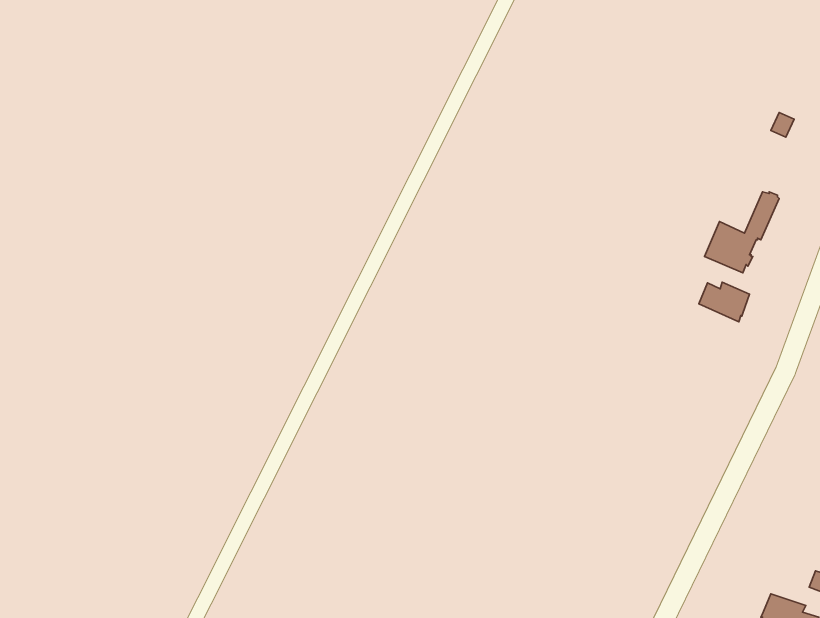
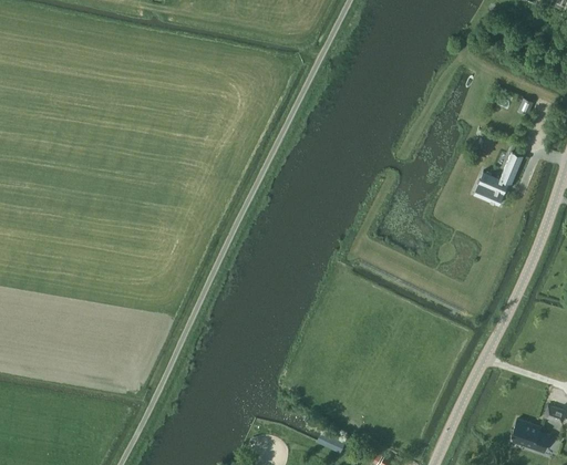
building: [699,282,750,322] -> none

